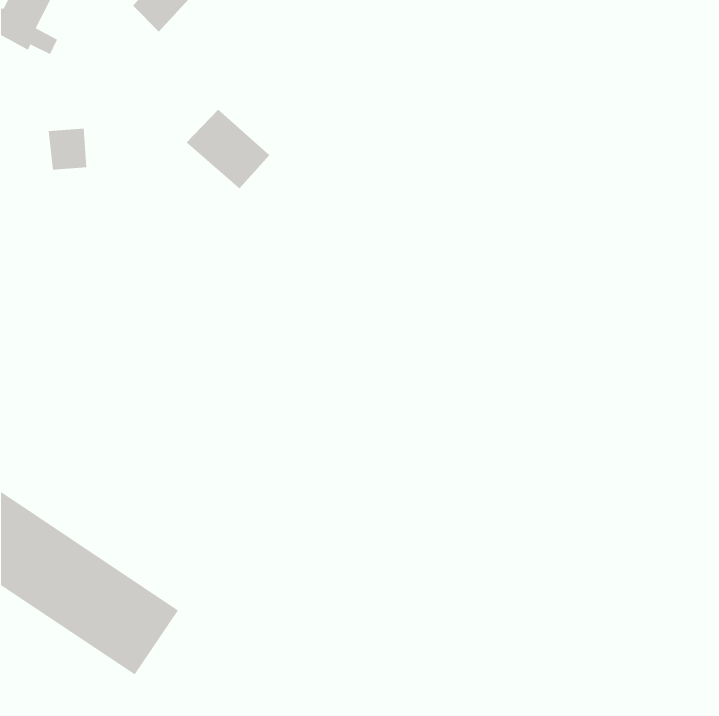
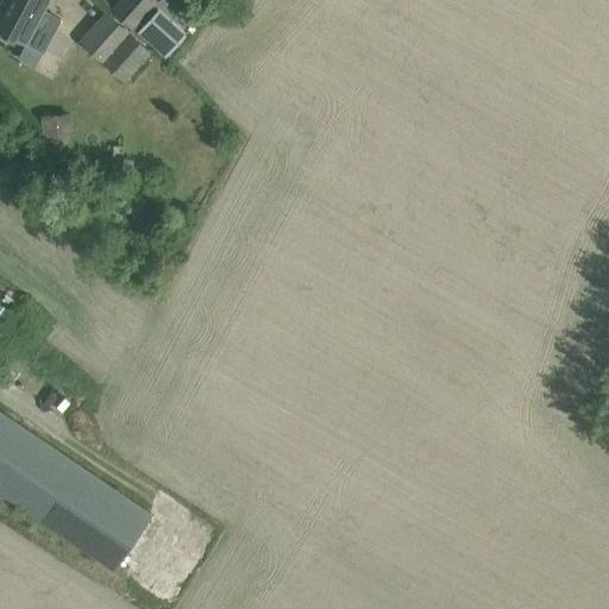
building: none -> [137,6,186,55]
building: [186,109,270,189] -> [80,11,151,79]

